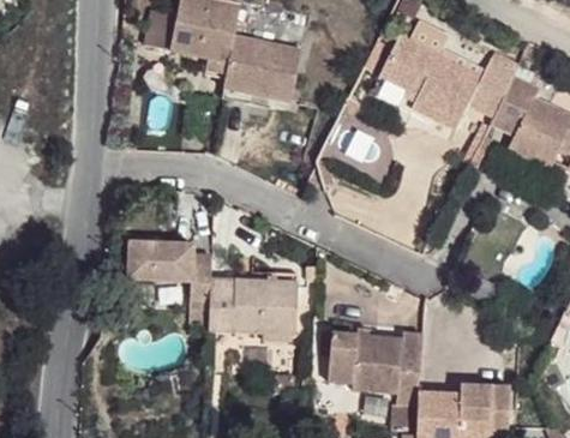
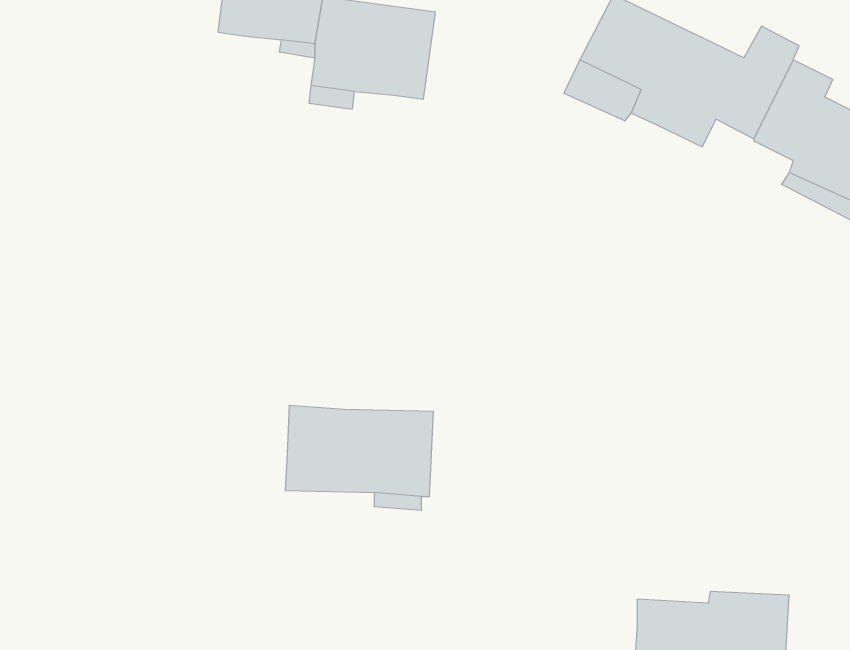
building: [131,236,211,305] -> none
building: [329,337,422,409] -> none

